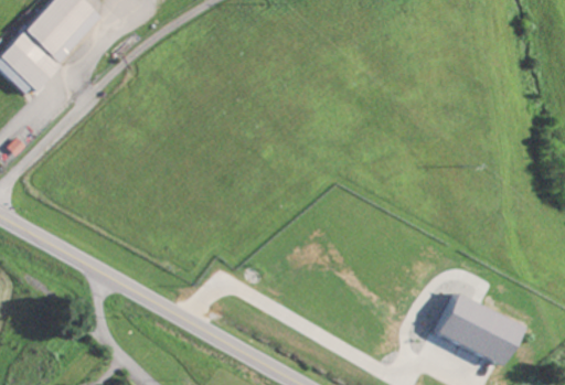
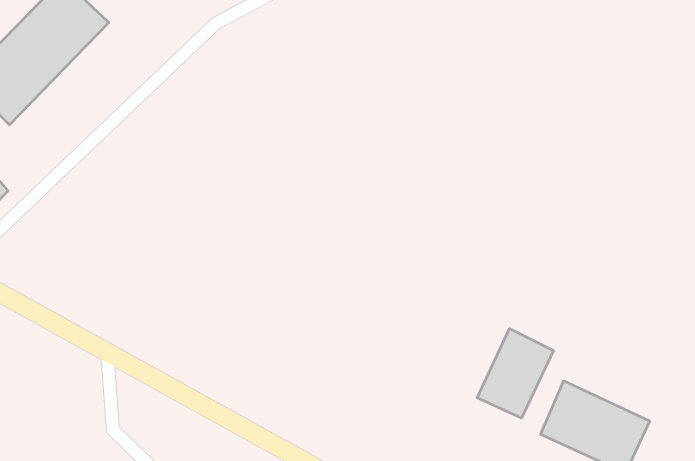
building: none -> [477,329,554,418]

